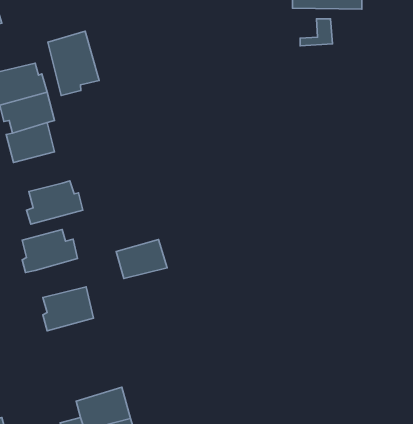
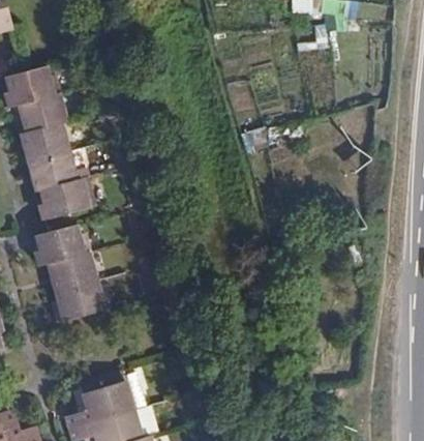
building: [48,31,99,96] -> none
building: none -> [25,151,71,190]
building: [116,240,167,279] -> [46,254,94,291]

